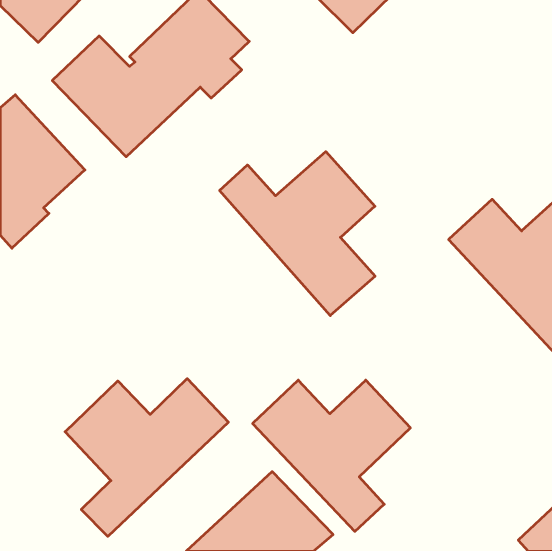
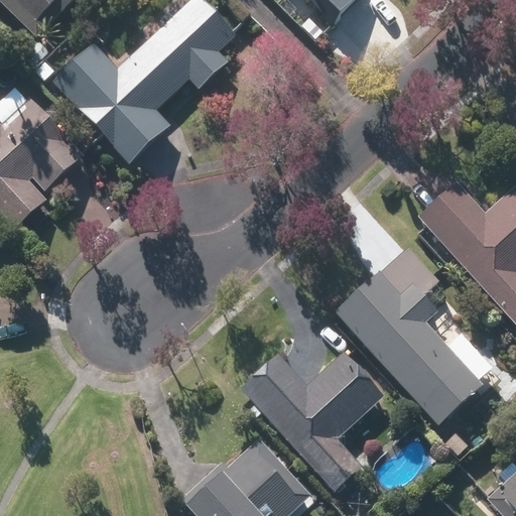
building: [220,152,375,316] -> none
building: none -> [335,246,496,425]
building: [65,379,228,536] -> none

